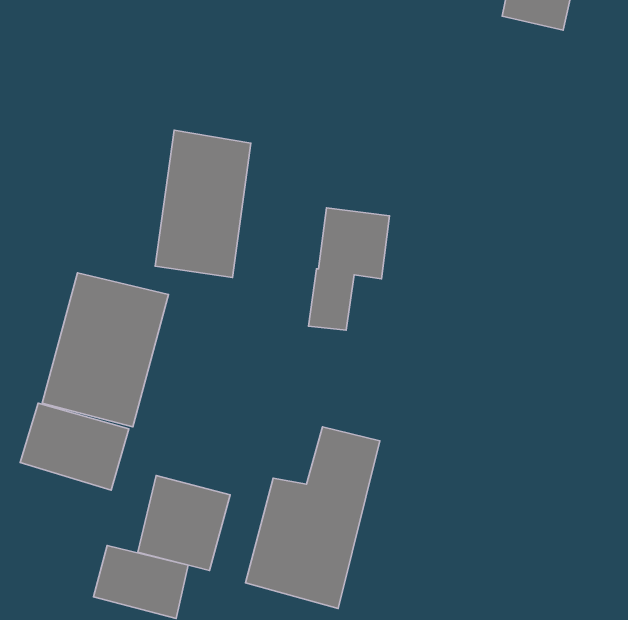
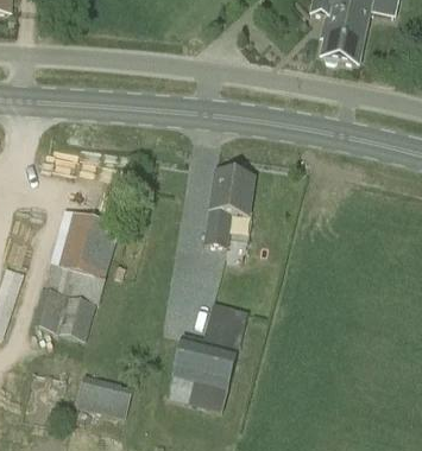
building: [155,130,251,278] -> none
building: [138,476,230,571] -> none

